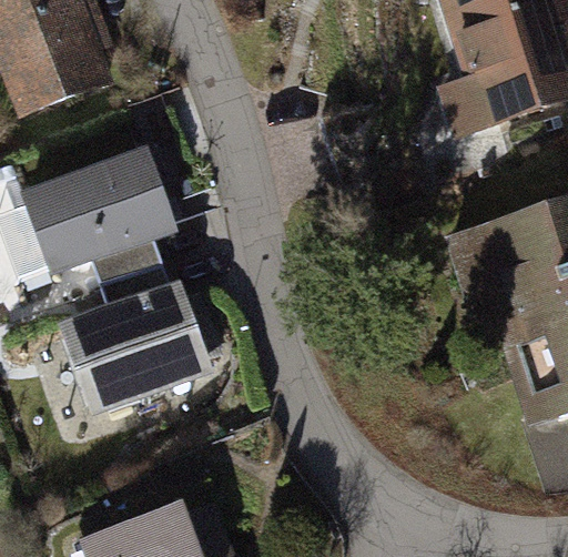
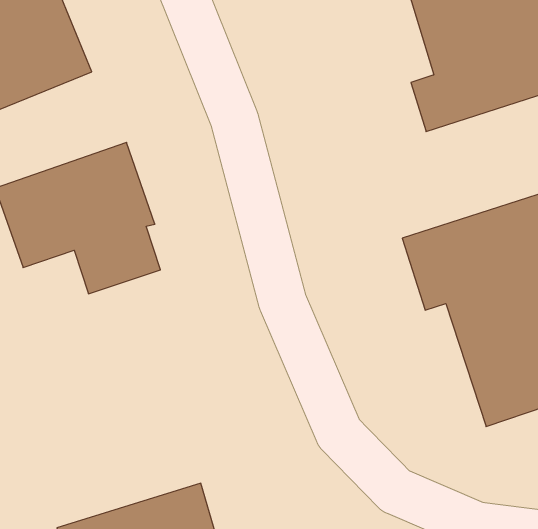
building: [42,277,215,421] -> none

